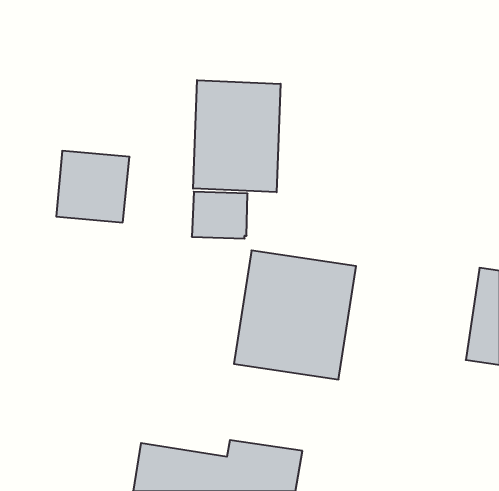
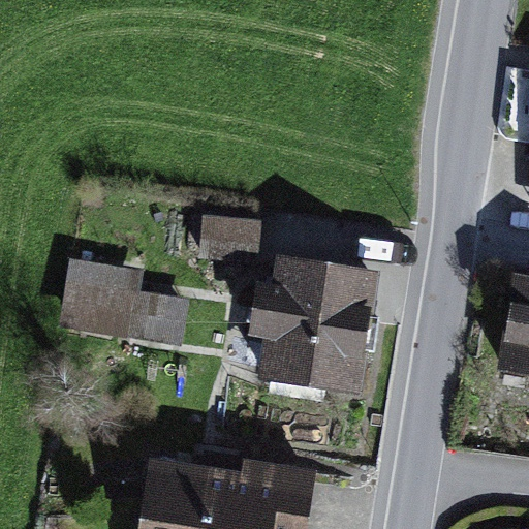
building: [193,80,281,192] -> none
building: [56,151,130,222] -> [64,248,142,323]

